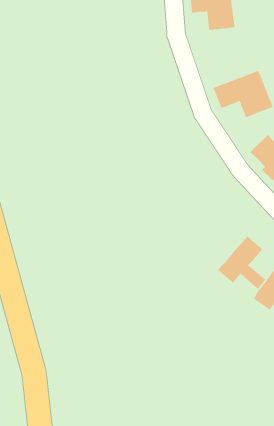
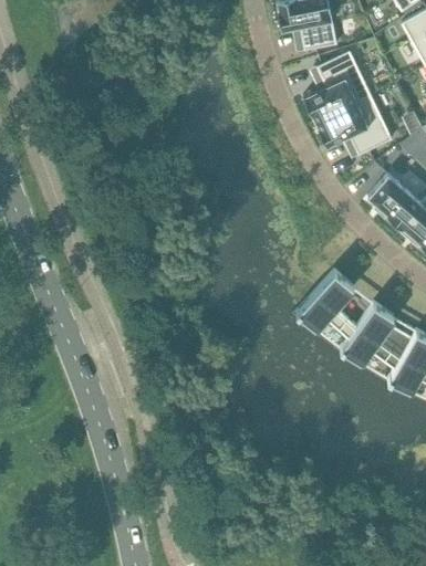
building: none -> [303,51,371,122]
building: none -> [295,269,355,337]

